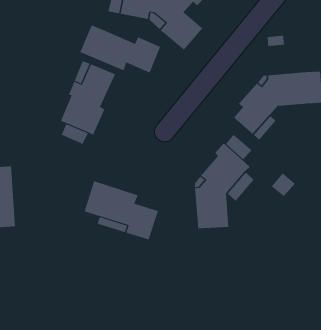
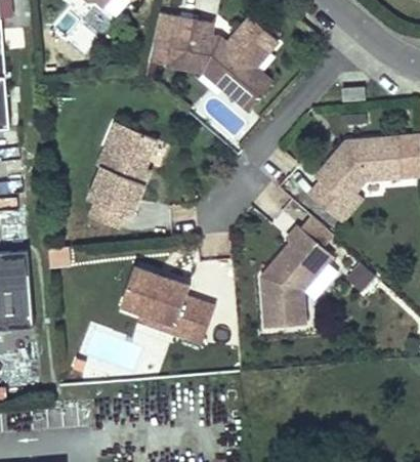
building: [79,24,161,73] -> none

